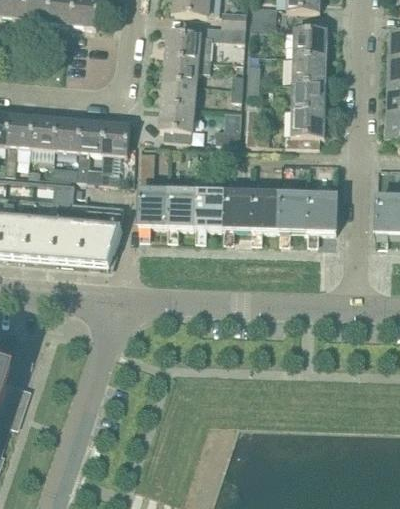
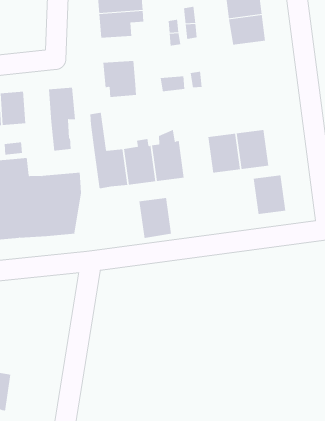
building: [162,79,195,106] -> none
building: [284,107,324,145] -> none
building: [76,118,105,180] -> none
building: [223,191,252,228] -> [139,197,172,238]
building: [307,194,336,231] -> [253,175,286,215]

